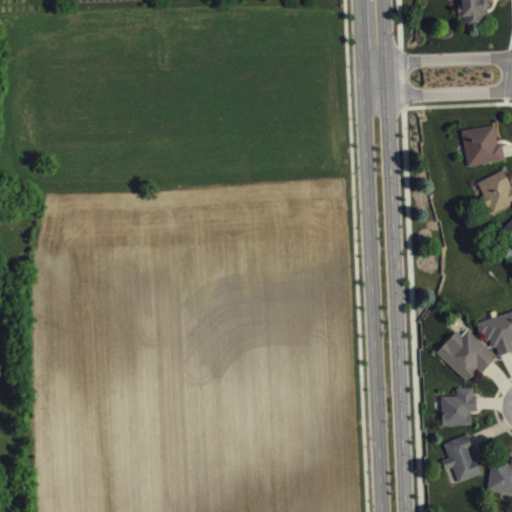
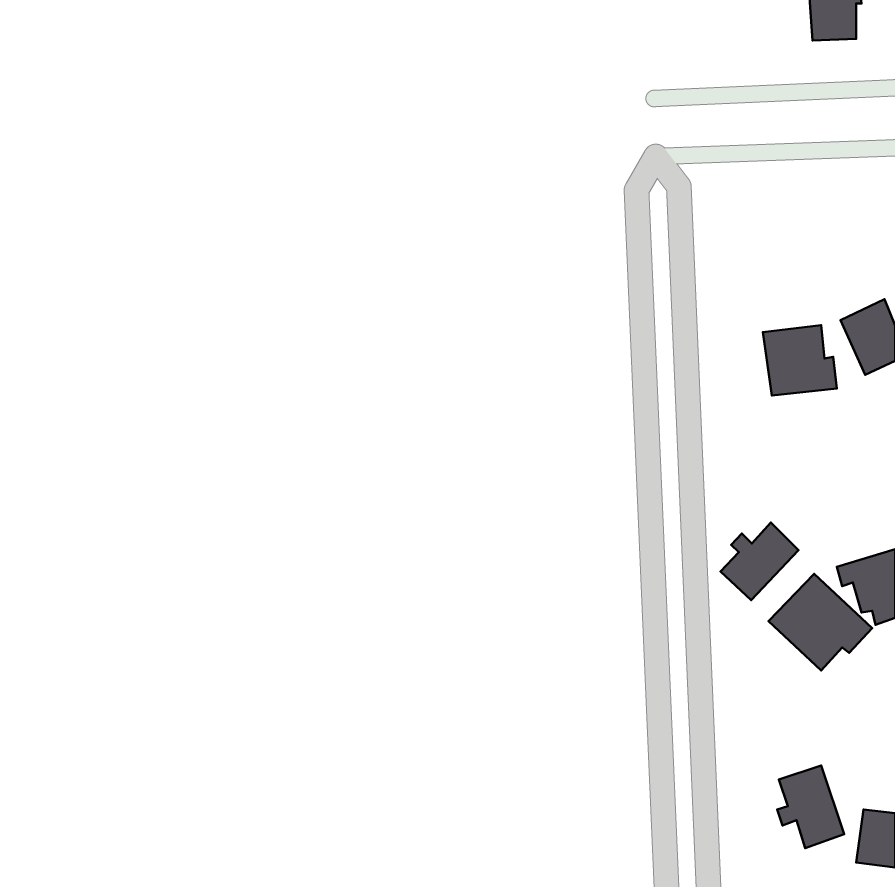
building: [462,125,504,165] -> [763,325,837,396]
building: none -> [721,523,798,600]
building: [441,387,475,426] -> none

